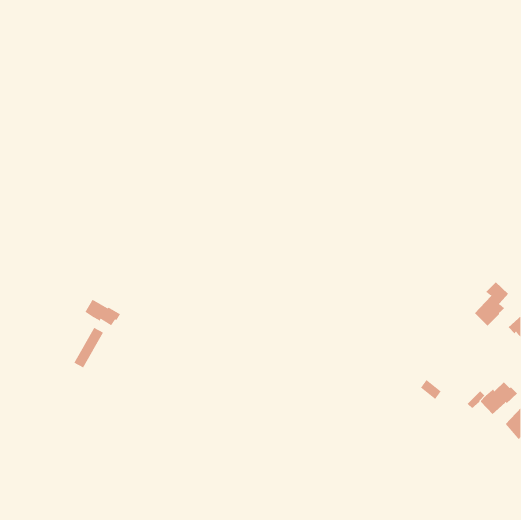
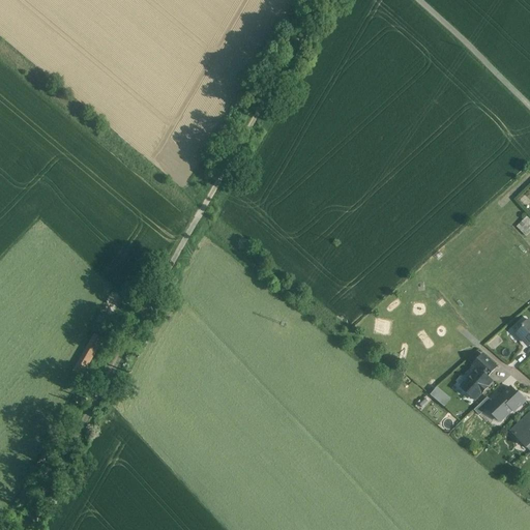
building: [474,282,509,326] -> [462,354,497,400]
building: [85,299,121,326] -> none

